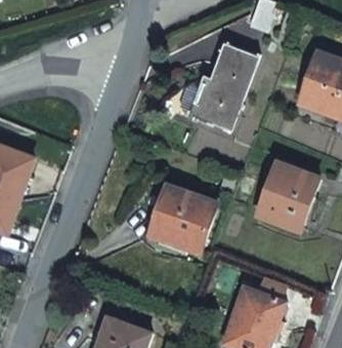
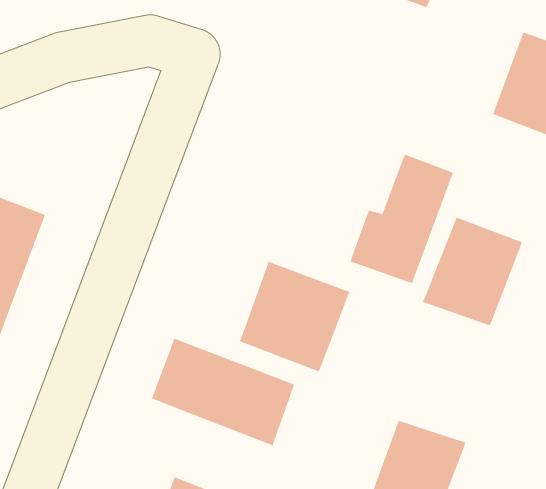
building: [190,50,253,128] -> [349,154,454,284]
building: none -> [151,338,295,446]

